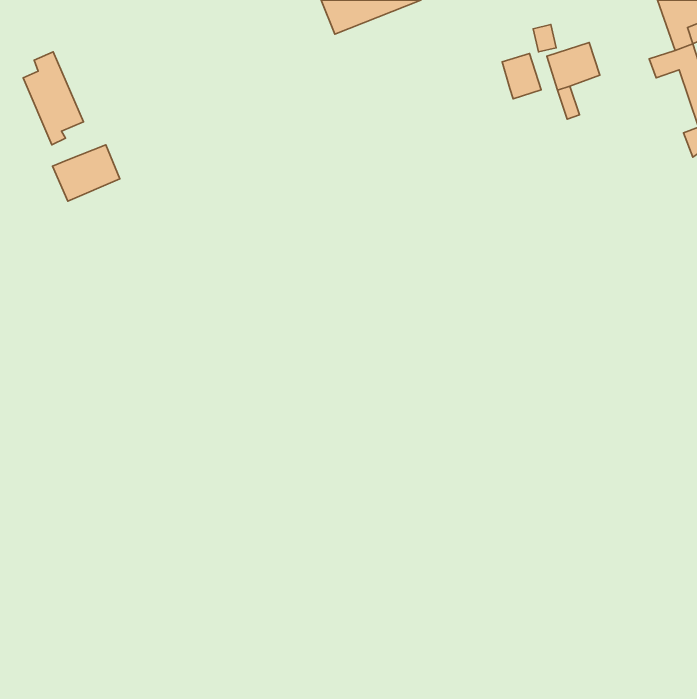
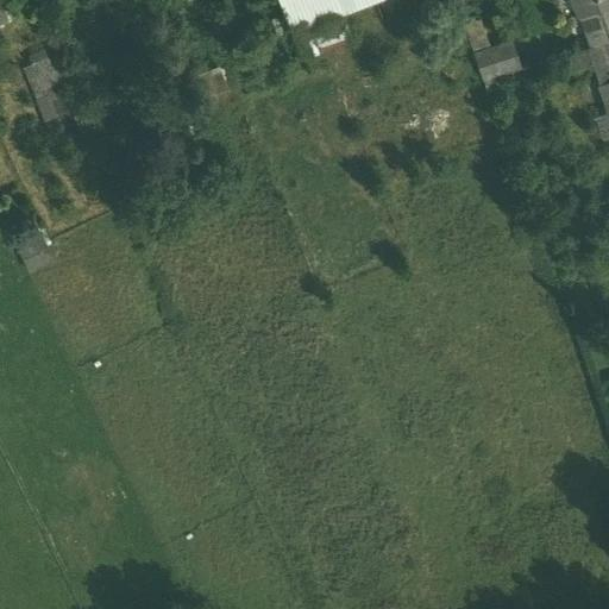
building: [502,54,541,99] -> none
building: [53,145,120,201] -> none

